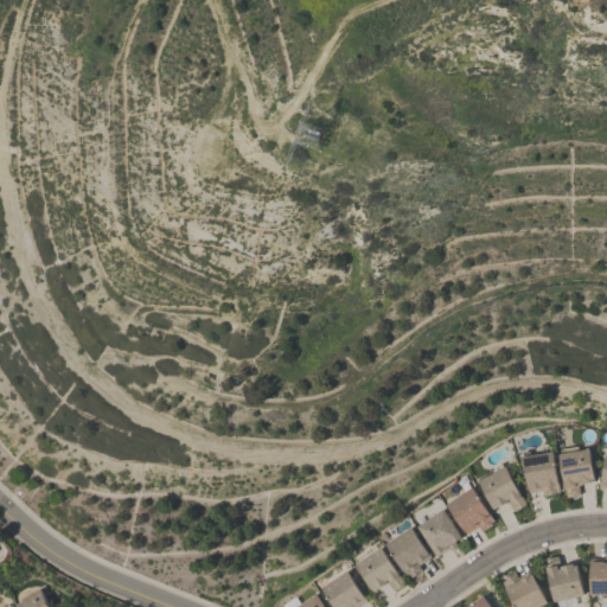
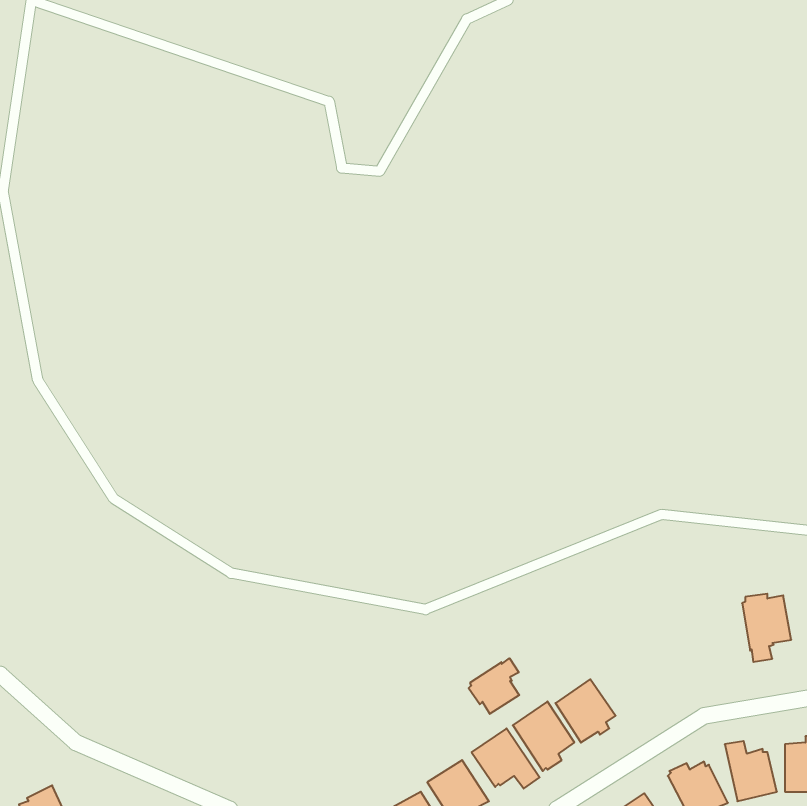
building: [522,452,558,497] -> none
building: [478,467,526,512] -> none
building: [446,488,494,536] -> none
building: none -> [469,658,519,714]

